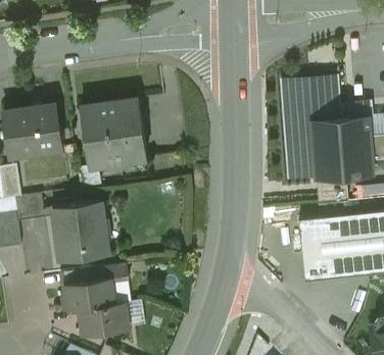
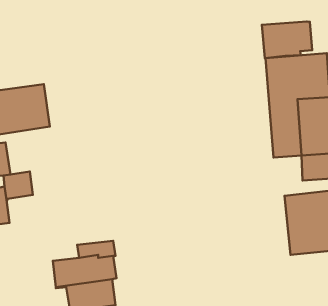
building: none -> [262,22,312,58]
building: [81,100,146,168] -> none
building: [53,203,107,261] -> none

